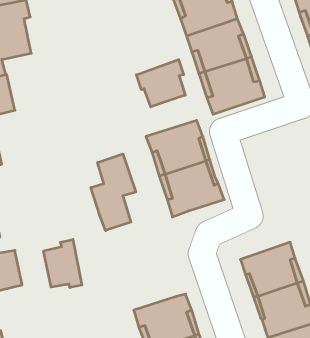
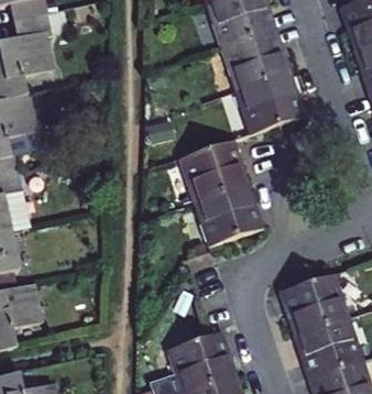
building: [136,60,185,107] -> none
building: [91,154,136,231] -> none
building: [44,239,82,288] -> none

